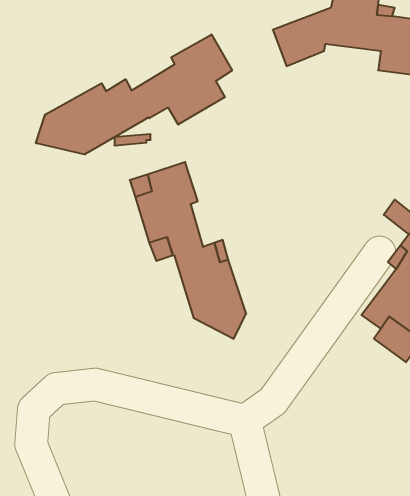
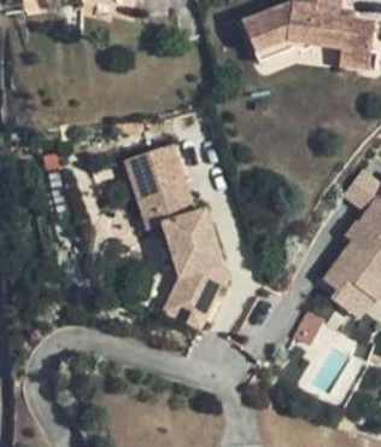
building: [36,34,232,154] -> none
building: none -> [163,279,215,330]

